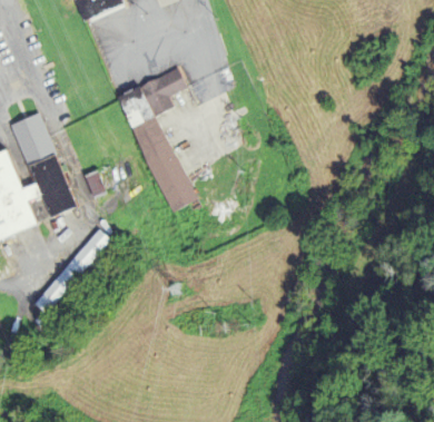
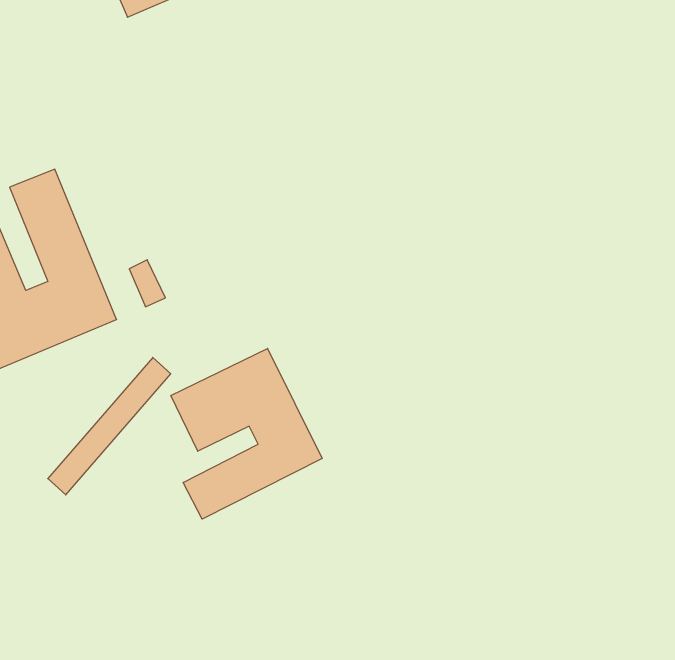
building: [118,67,197,210] -> none
building: none -> [171,348,322,519]

